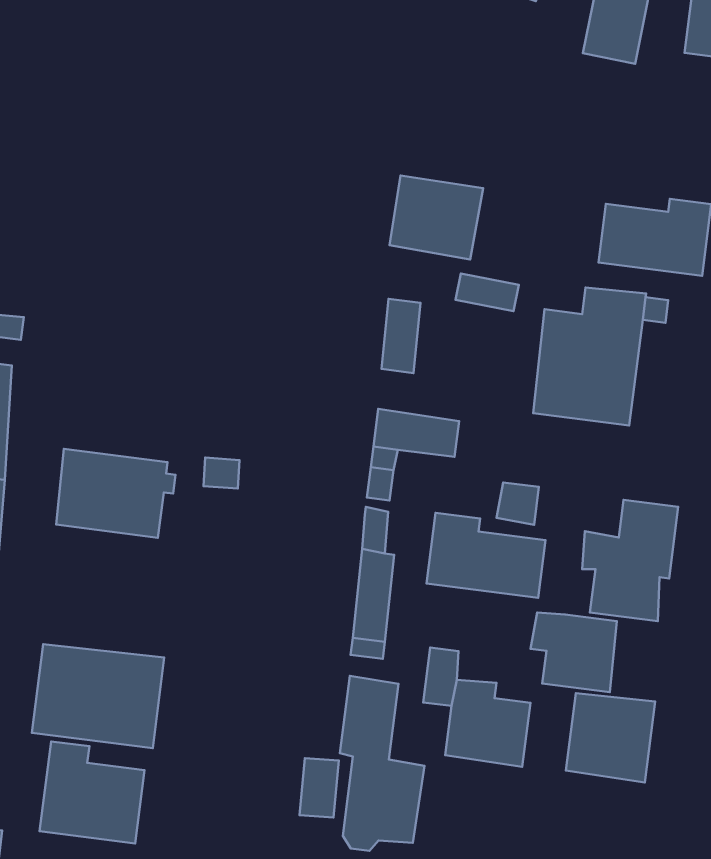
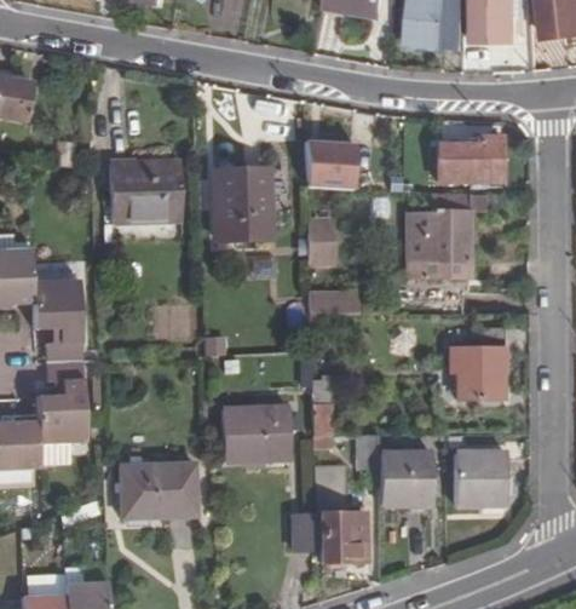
building: none -> [111,163,184,224]
building: none -> [217,171,272,241]
building: [56,449,176,538] -> [220,413,293,461]
building: [427,513,546,598] -> none
building: [531,613,617,692] -> none
building: [40,741,145,844] -> none

